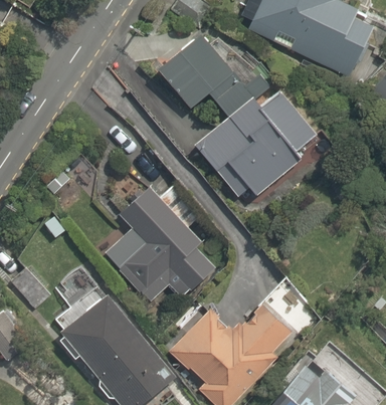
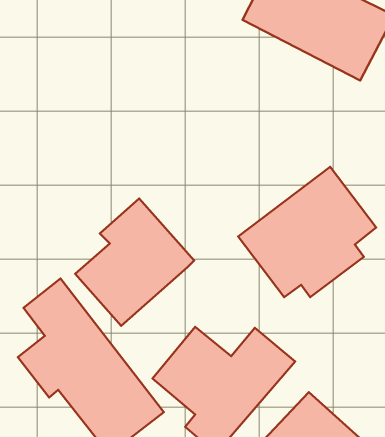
building: [158,34,234,109] -> none
building: [192,80,316,197] -> [238,167,376,297]
building: [138,247,215,309] -> none

